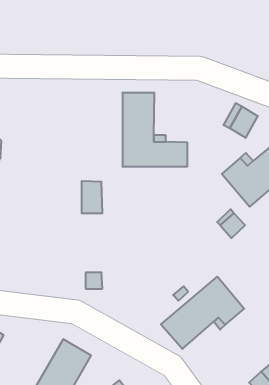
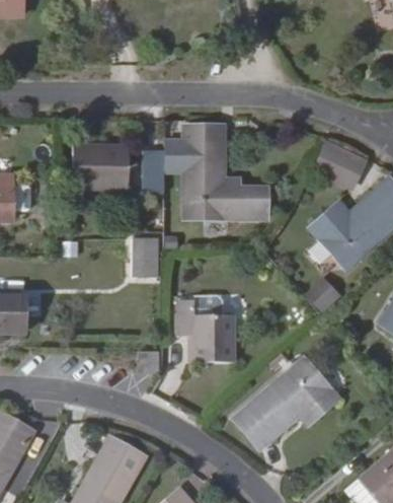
building: none -> [72,144,130,189]
building: none -> [143,152,164,193]
building: none -> [177,299,235,362]

